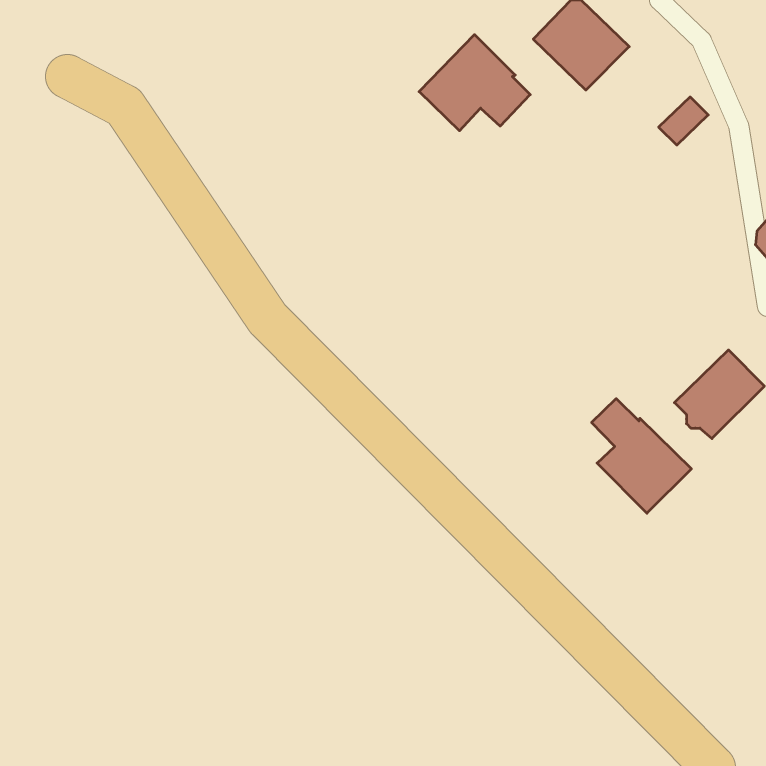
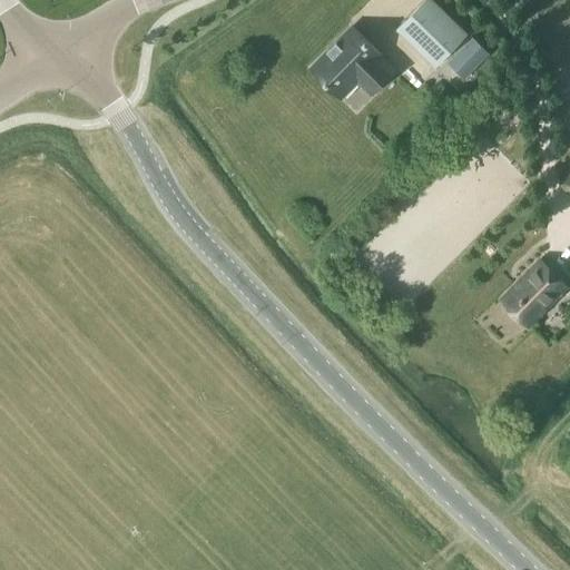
building: [659,97,708,145] -> [451,43,488,79]
building: [592,399,691,513] -> none

